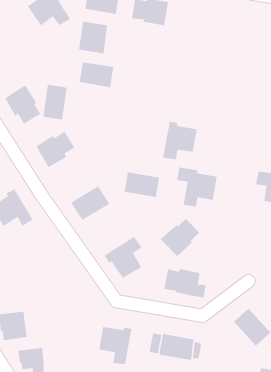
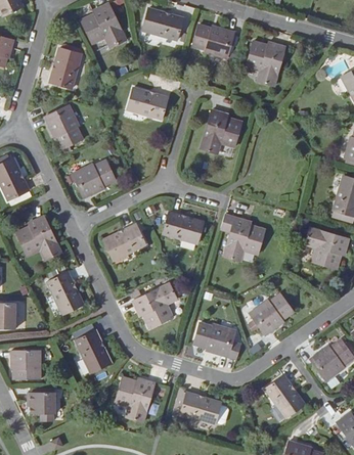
building: none -> [247,41,285,86]
building: [78,21,107,54] -> none
building: [43,84,67,120] -> [50,47,81,88]
building: [162,121,198,160] -> [201,108,242,151]
building: [160,218,200,257] -> [250,293,294,334]
building: none -> [48,272,83,313]
building: none -> [74,324,112,371]

